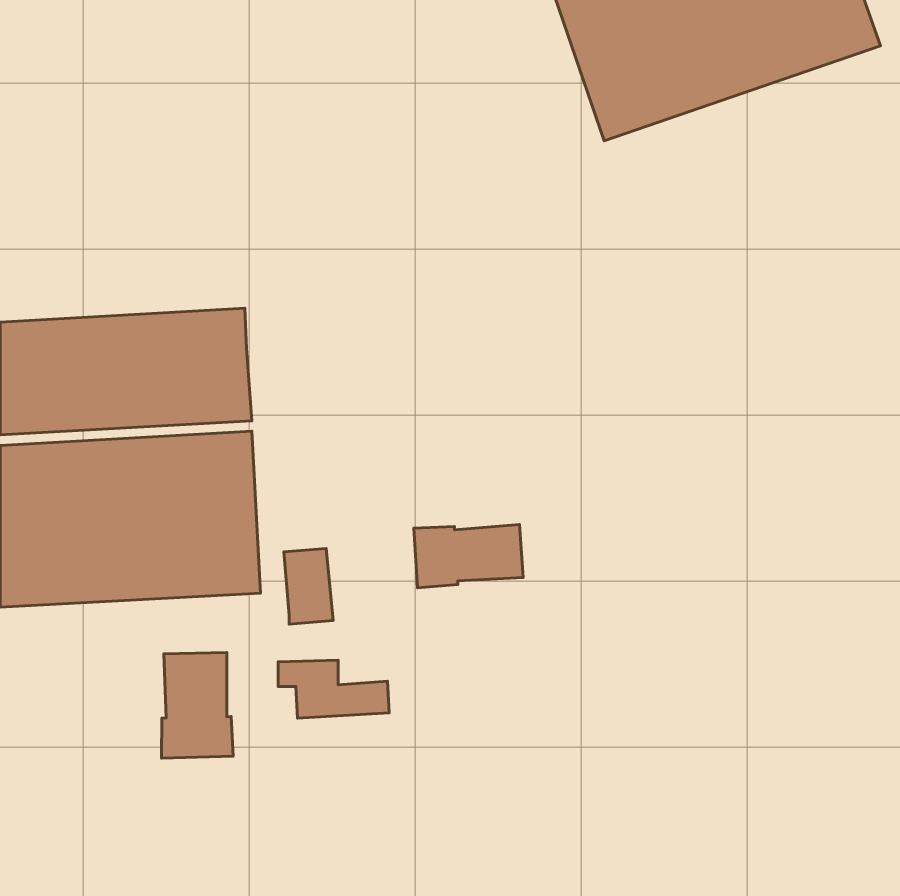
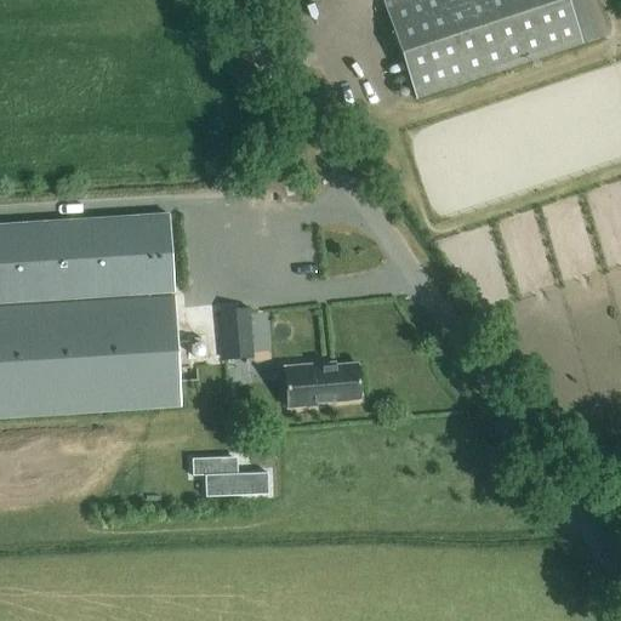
building: [284,548,333,624] -> [220,306,253,358]
building: [162,652,233,758] -> none

